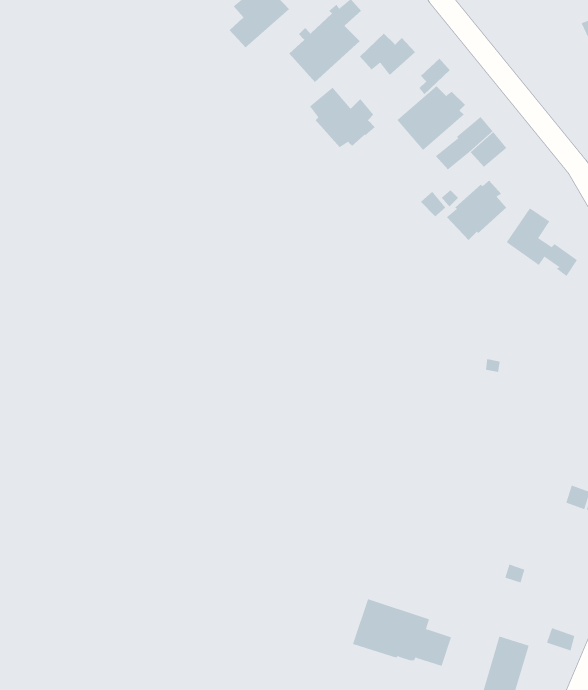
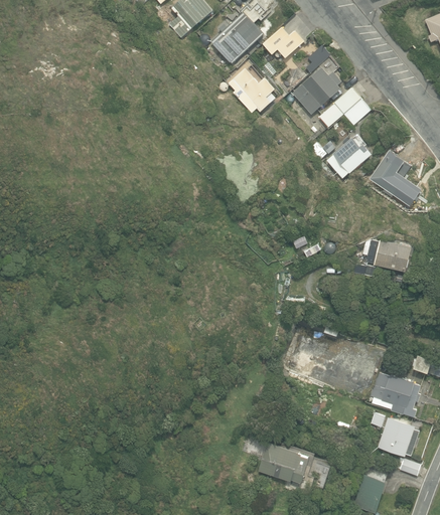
building: none -> [361,239,411,272]
building: none -> [370,372,420,416]
building: none -> [378,417,419,456]

